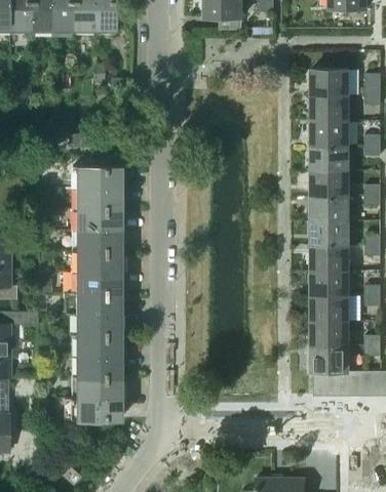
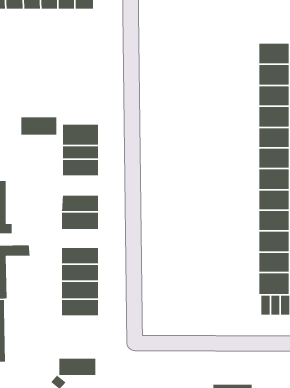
building: [77,229,121,251] -> [20,117,57,135]
building: [64,293,121,314] -> none
building: [76,397,121,418] -> [59,358,96,376]

